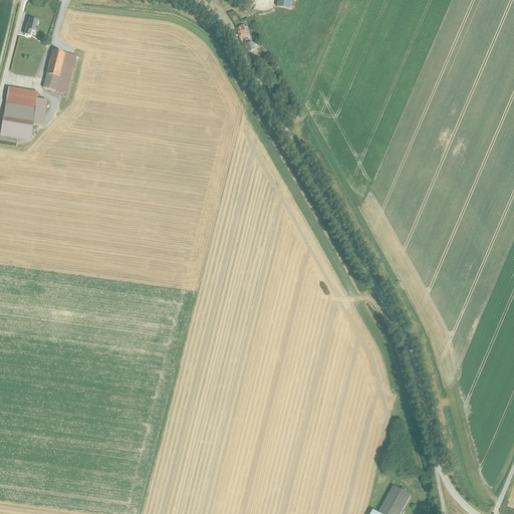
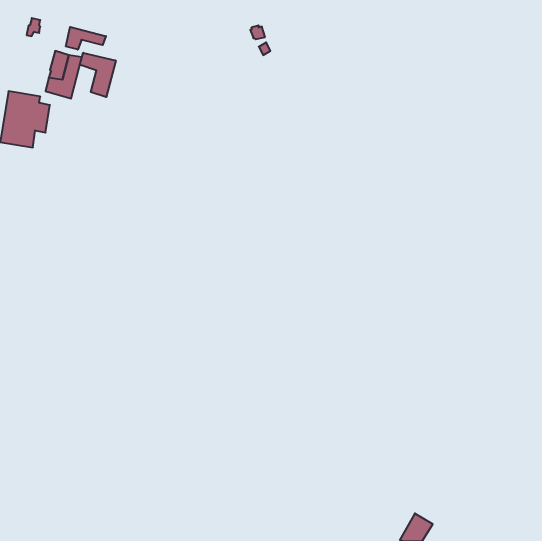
building: none -> [66,27,106,50]
building: none -> [80,53,116,97]

